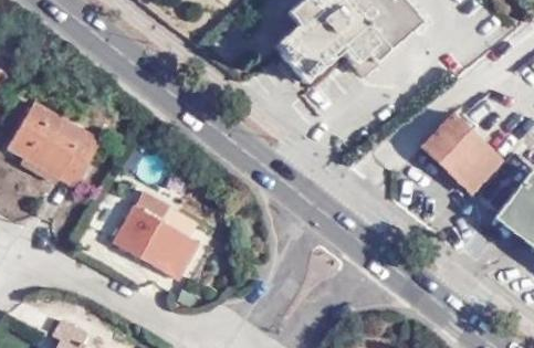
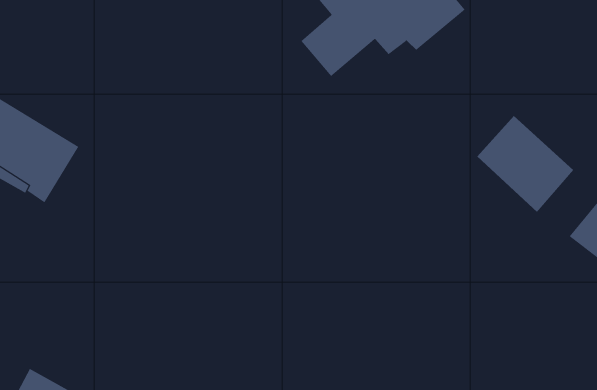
building: [114,188,199,277] -> none

